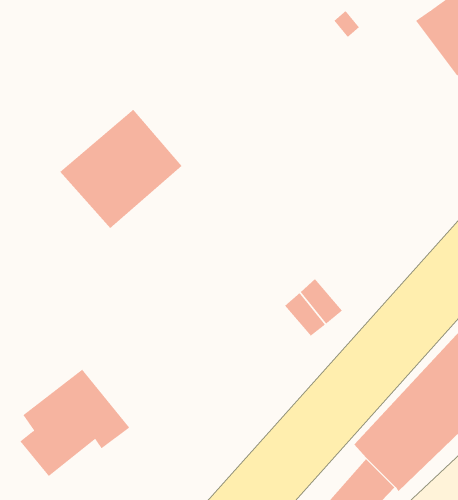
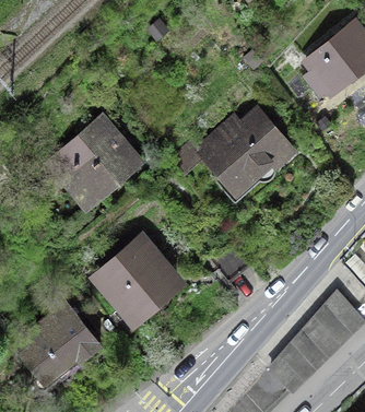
building: none -> [200,113,292,193]
building: none -> [98,242,172,318]

